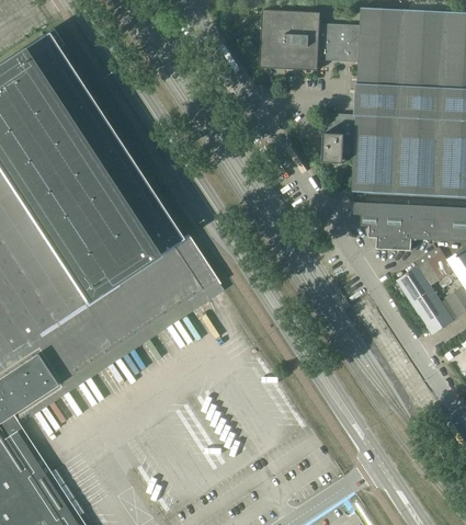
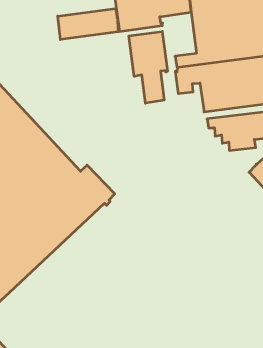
building: none -> [58,8,118,40]
building: none -> [129,31,168,103]

